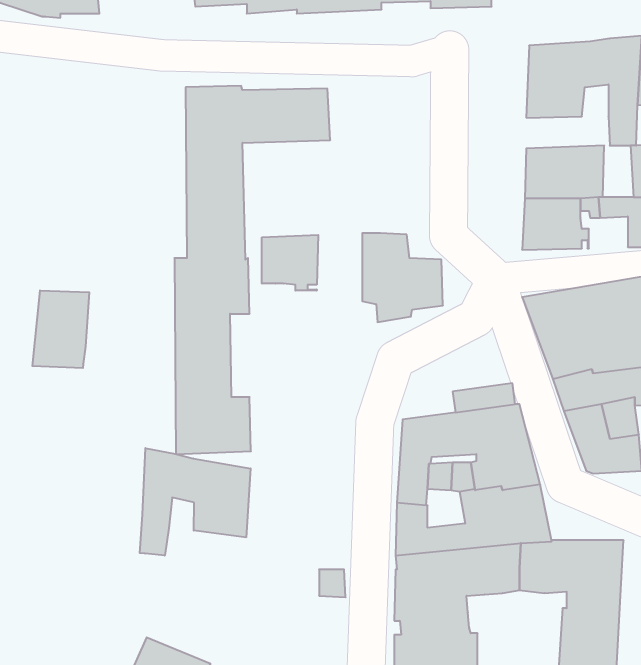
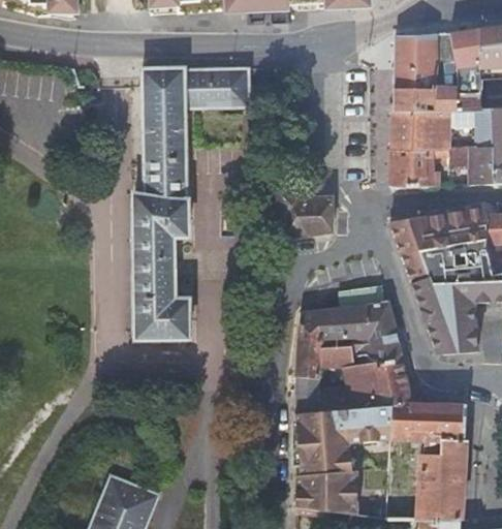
building: none -> [395,88,457,112]
building: [262,235,318,291] -> none
building: [32,290,89,368] -> none
building: [140,448,251,556] -> none

